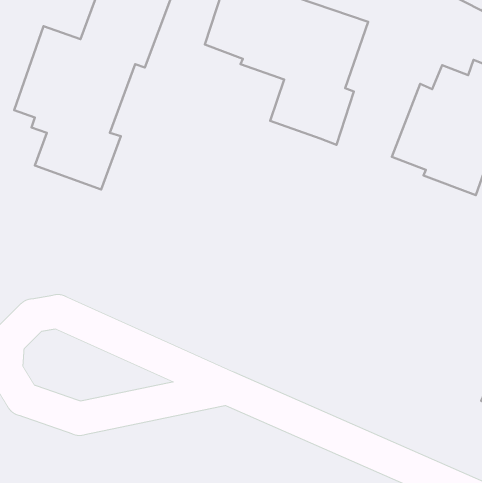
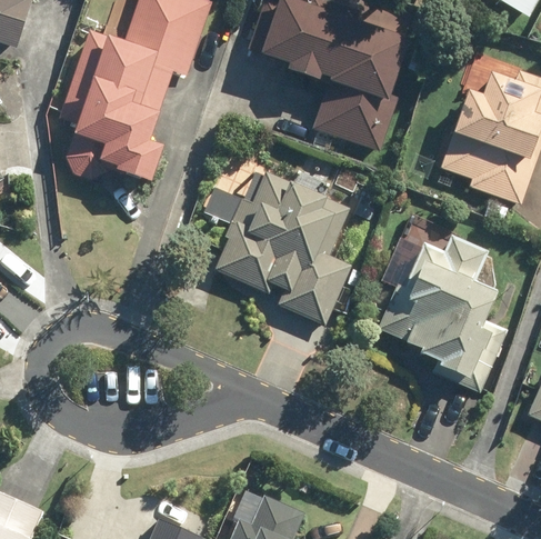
building: none -> [211,167,355,322]
building: none -> [378,232,507,388]

